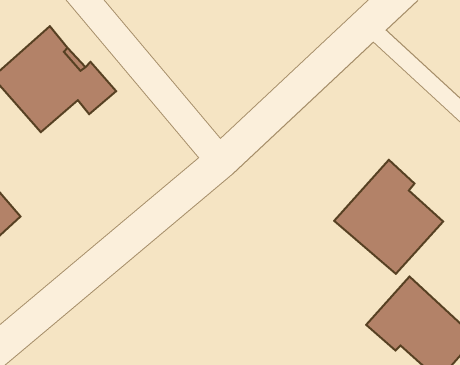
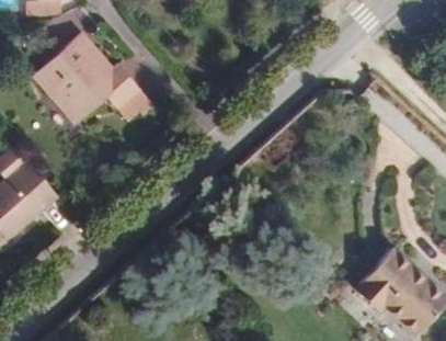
building: [334,160,443,274] -> none

